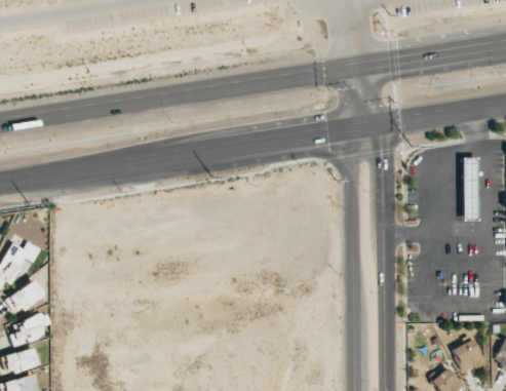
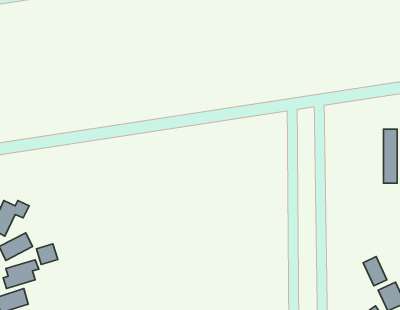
building: none -> [36,244,58,265]
building: none -> [363,257,387,286]

